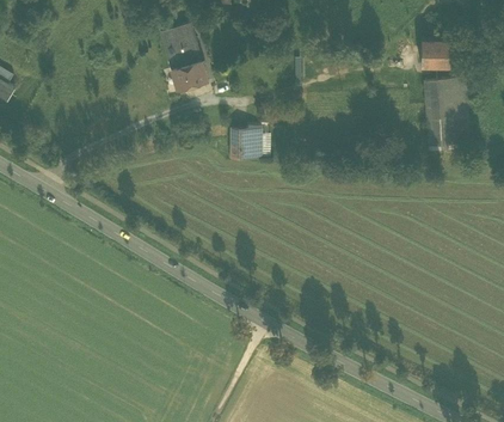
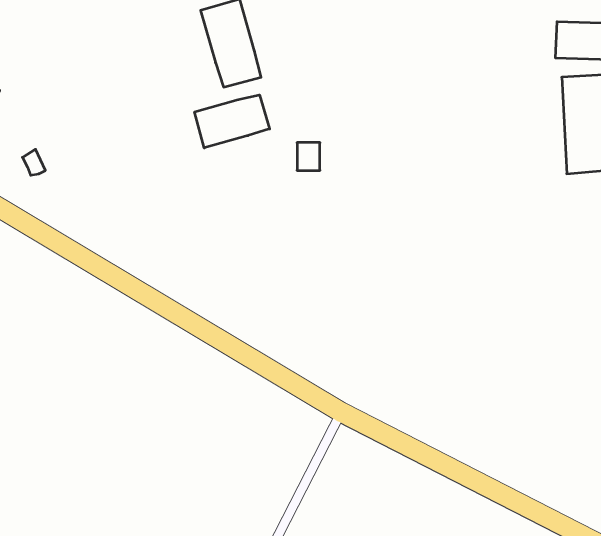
building: none -> [195,95,270,148]
building: [232,128,265,159] -> none

